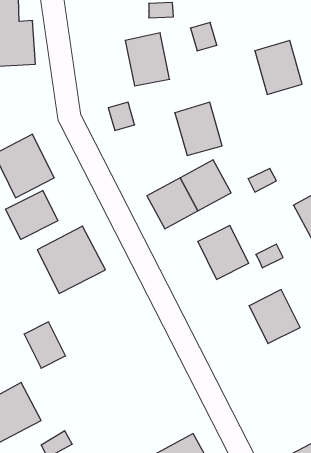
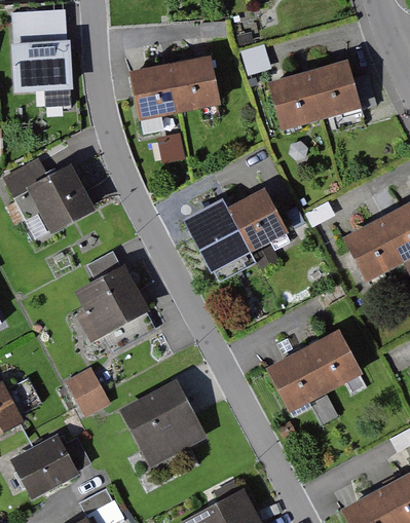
building: none -> [131,62,180,119]
building: [175,102,222,155] -> [272,73,324,130]
building: [6,190,58,239] -> none
building: [198,225,249,279] -> [269,349,325,408]
building: none -> [119,379,208,466]

